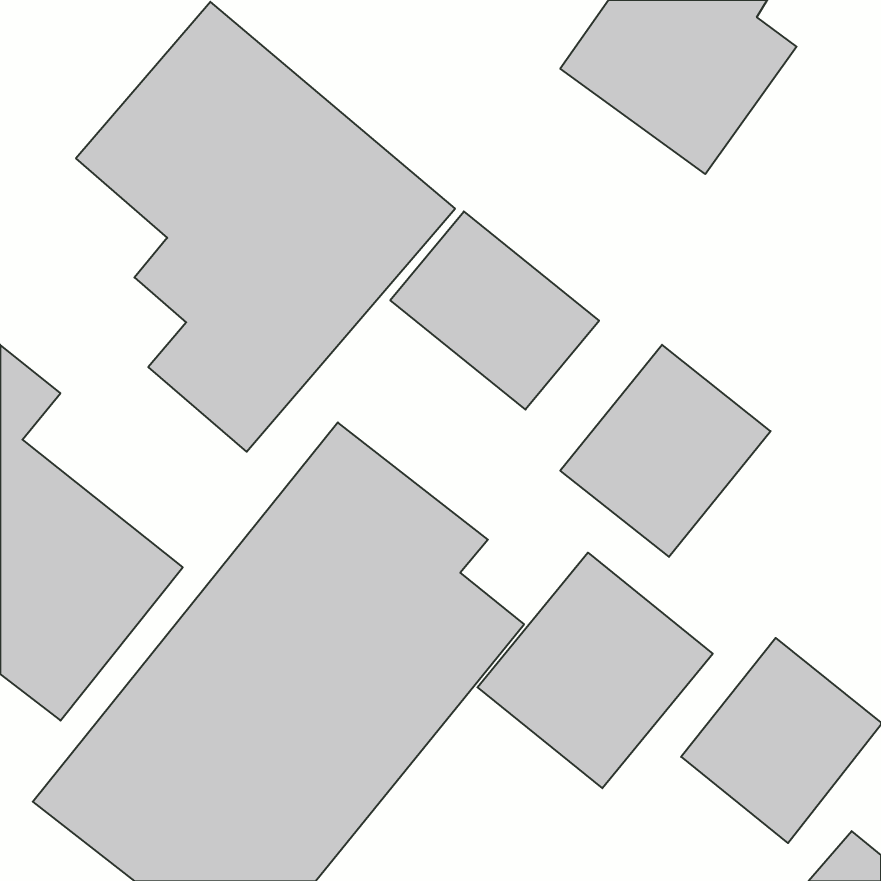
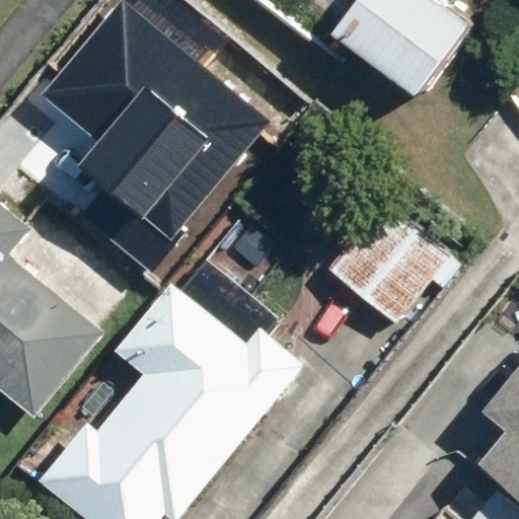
building: [390,211,599,410] -> none
building: [477,553,713,788] -> none

